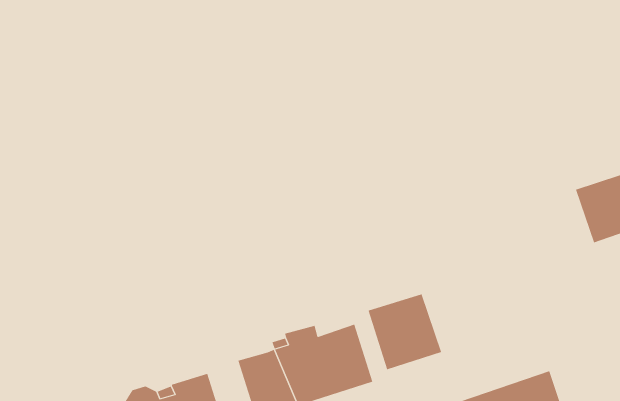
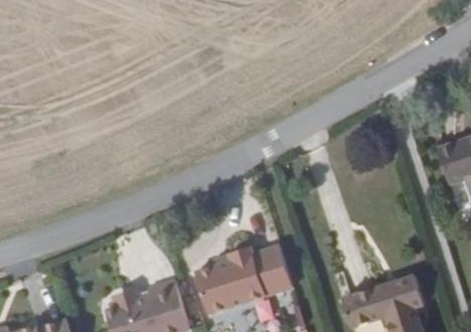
building: [368,293,442,370] -> none

